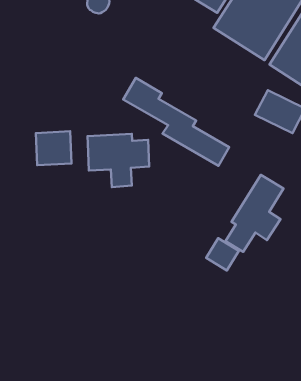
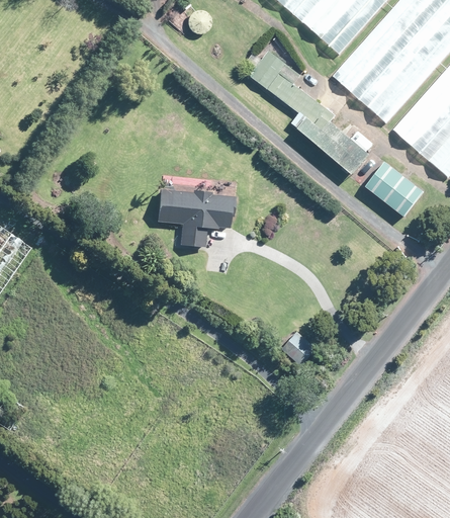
building: [123,78,229,166] -> [251,52,368,173]
building: [36,131,72,165] -> none
building: [225,175,283,252] -> none

